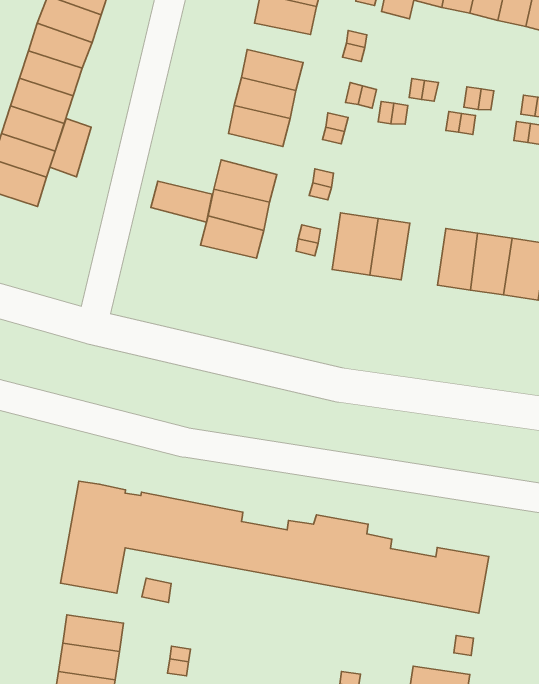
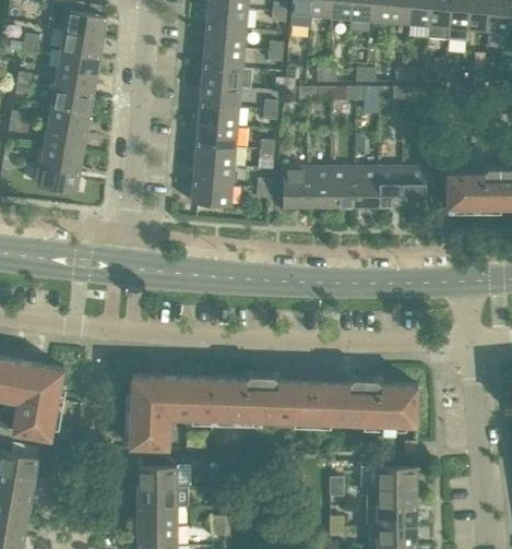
building: none -> [203,47,245,69]
building: [50,118,91,177] -> none
building: [151,181,212,222] -> [197,124,237,147]
building: none -> [331,167,356,206]

